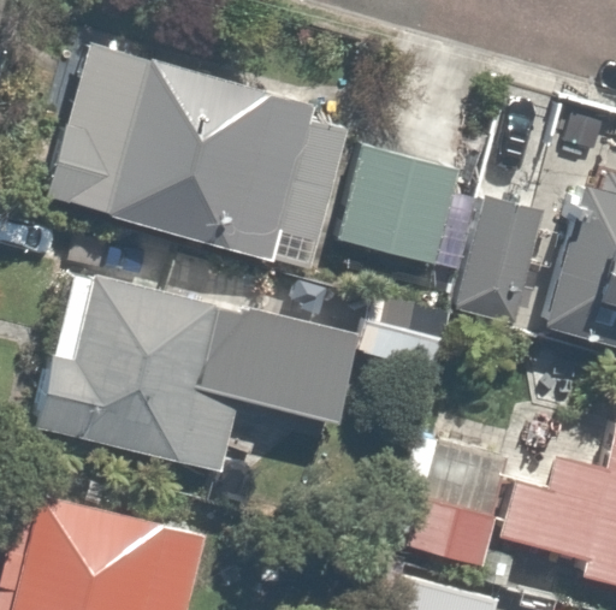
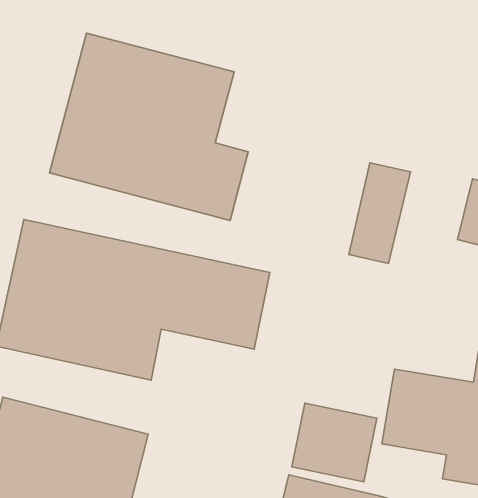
building: [339,137,481,279] -> none

